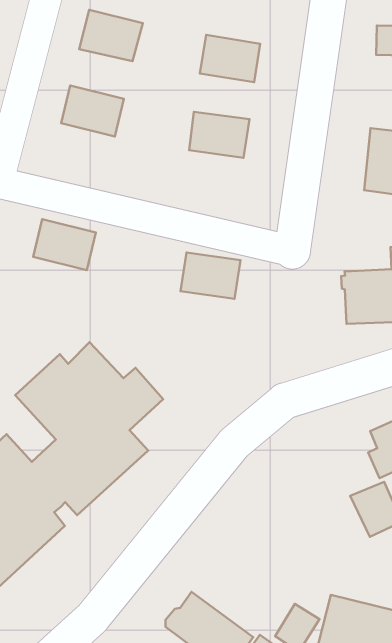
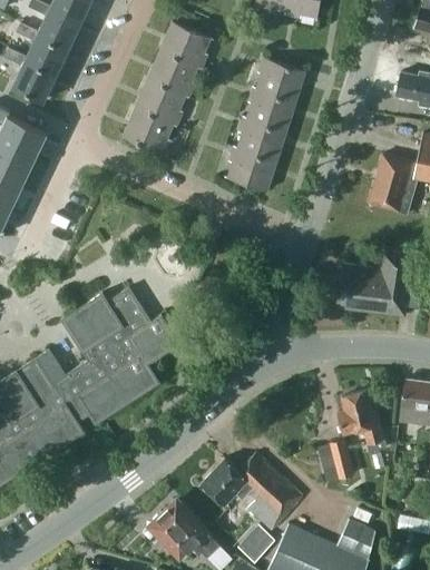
building: none -> [147,51,201,97]
building: none -> [243,87,295,130]
building: [33,219,96,270] -> [123,108,176,155]
building: [181,253,241,299] -> [224,147,276,190]
building: none -> [201,453,302,530]

